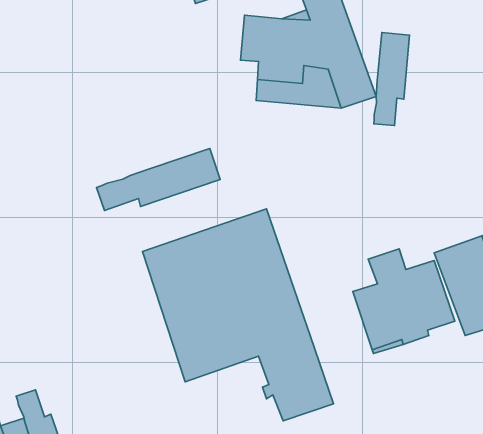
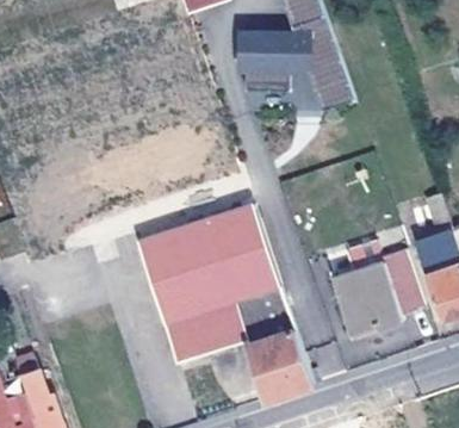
building: [374,33,410,125] -> none
building: [96,148,220,211] -> none

